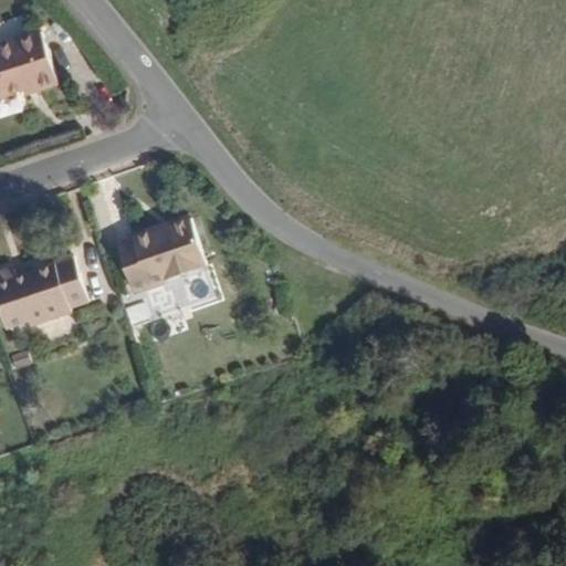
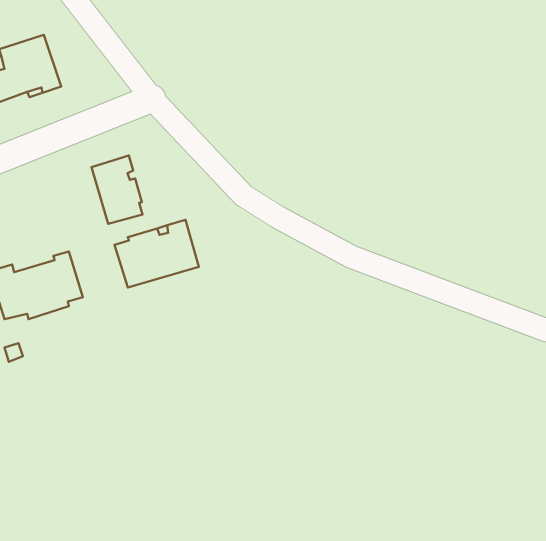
building: none -> [91,156,142,224]

